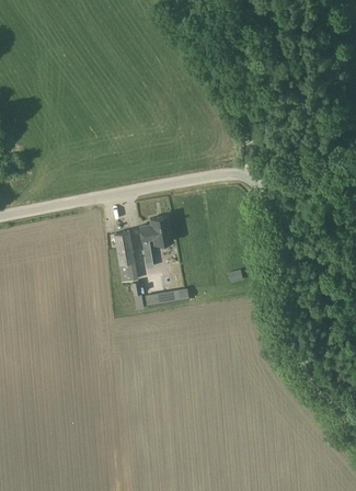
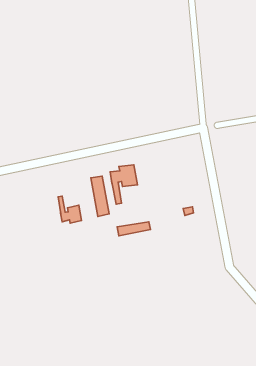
building: none -> [58,196,82,223]

